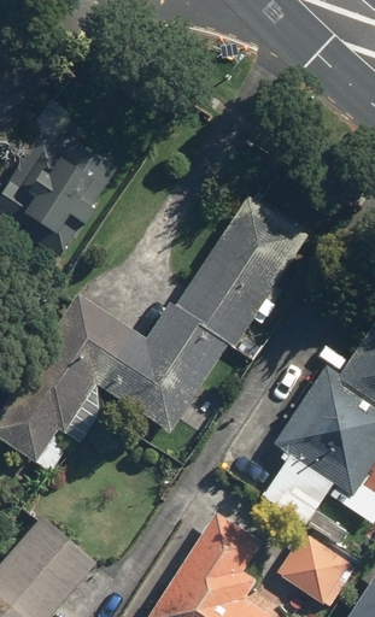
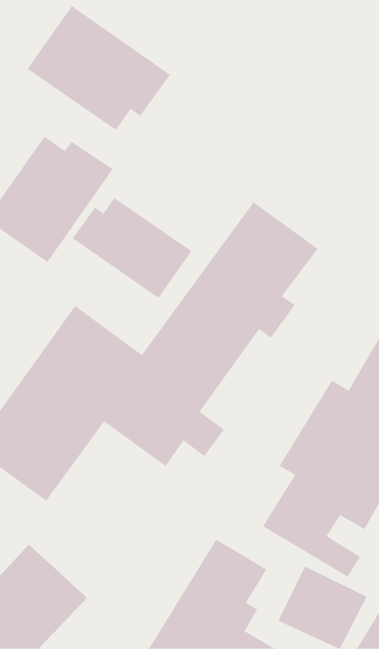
building: none -> [27,5,171,131]
building: none -> [72,197,192,299]

